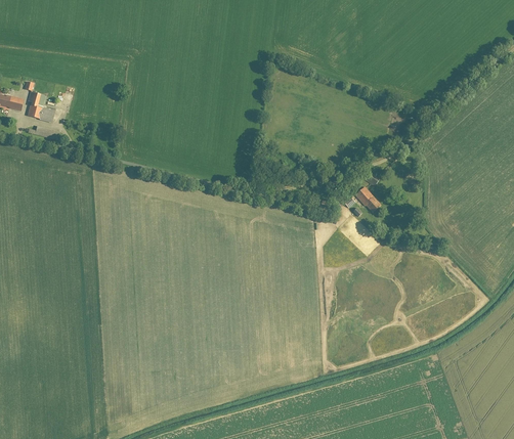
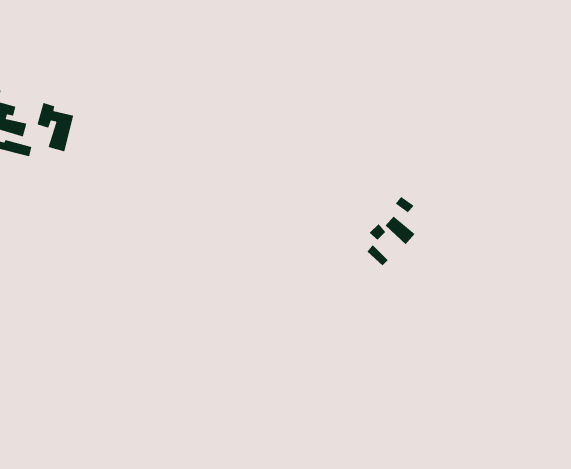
building: none -> [37,102,74,152]

